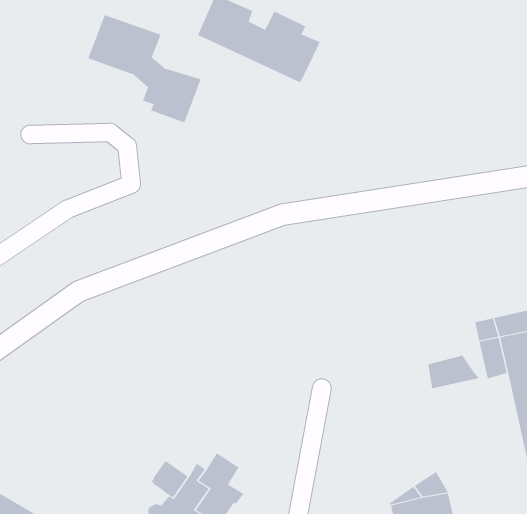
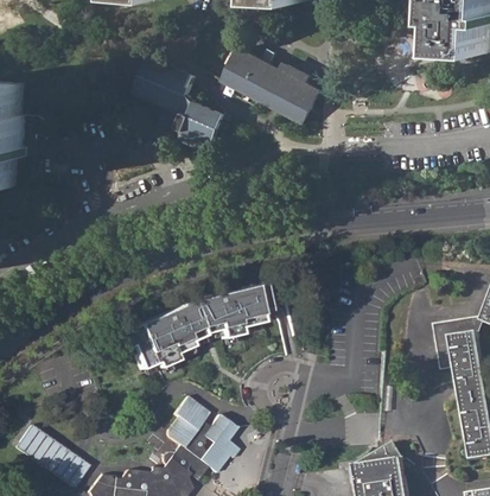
building: none -> [116,286,267,369]
building: [428,355,479,389] -> none
building: none -> [172,396,208,432]

